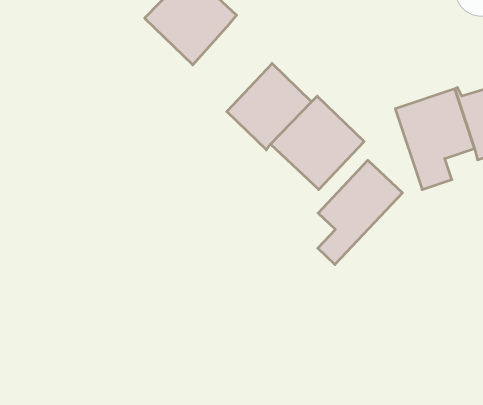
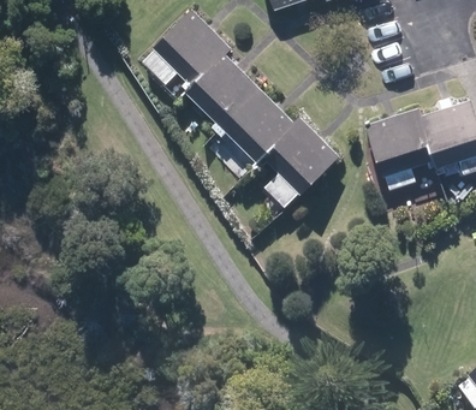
building: none -> [186,53,261,127]
building: [318,160,402,265] -> none

